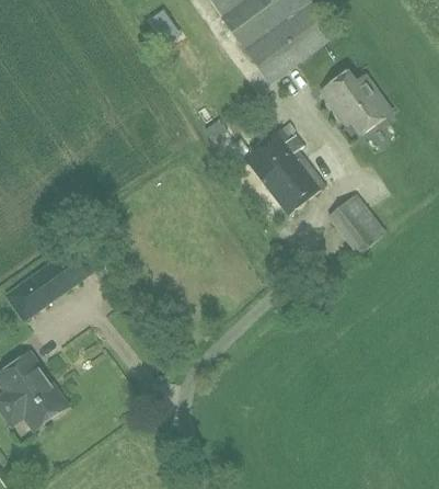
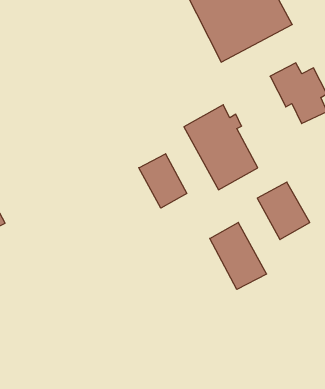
building: none -> [139,154,187,208]
building: none -> [210,222,267,289]

